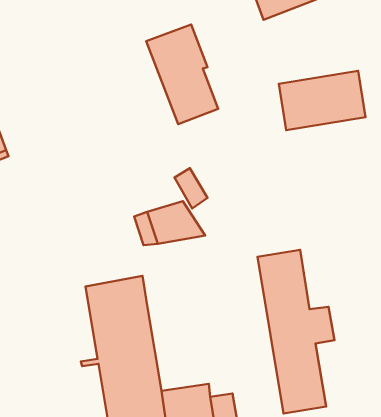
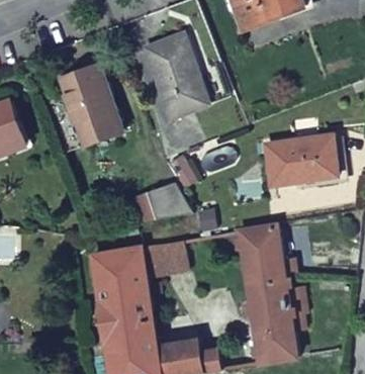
building: none -> [59,64,122,143]
building: [279,71,365,130] -> [264,134,338,185]
building: none -> [141,241,183,272]

